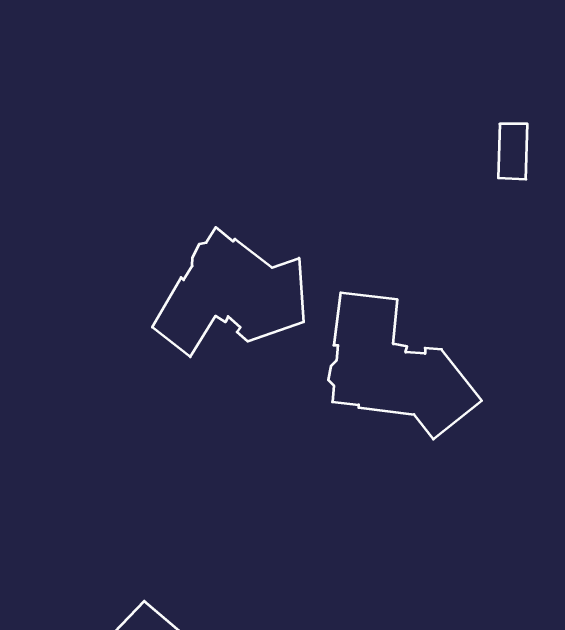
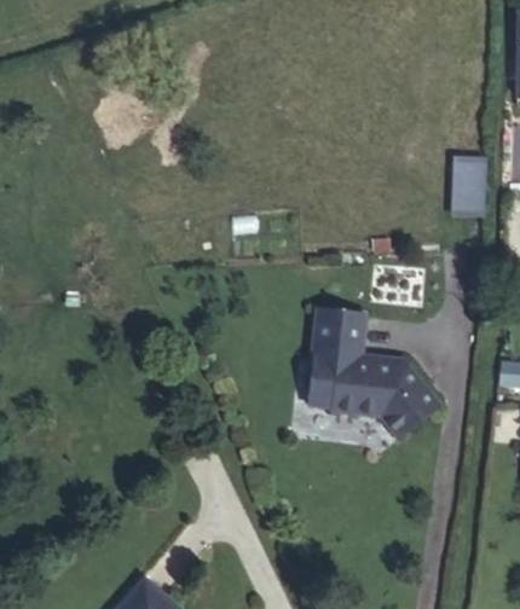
building: [152,227,304,357] -> none

